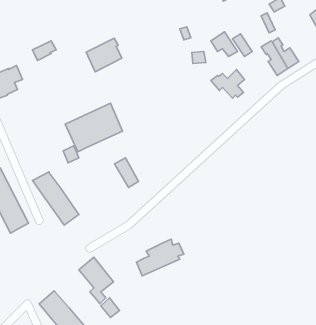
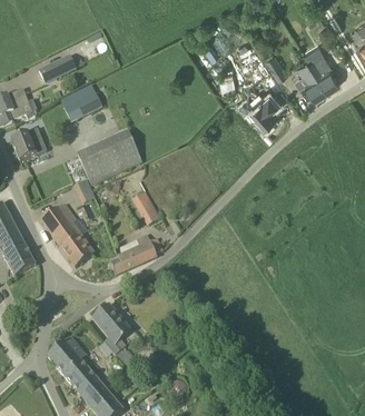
building: [86,38,122,72] -> [61,83,101,121]
building: none -> [11,129,46,160]
building: [136,239,184,276] -> [109,234,162,275]

